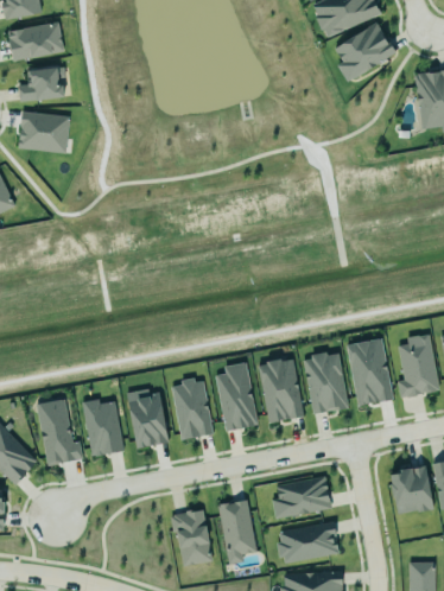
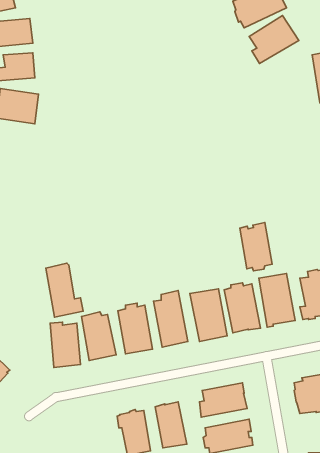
building: none -> [240,222,272,271]
building: [37,398,83,464] -> [46,263,83,317]

